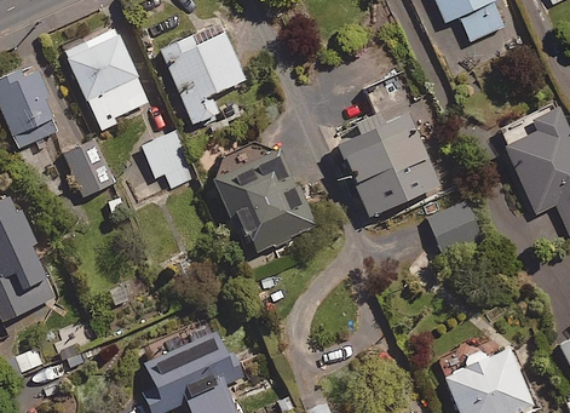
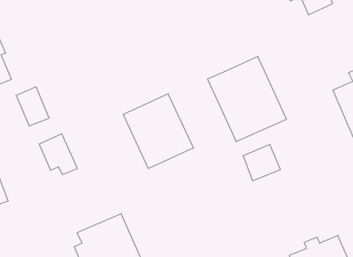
building: [65,29,148,125] -> none
building: [161,34,246,124] -> none
building: [140,128,194,185] -> [39,134,77,175]
building: [428,201,480,252] -> [243,144,280,181]

